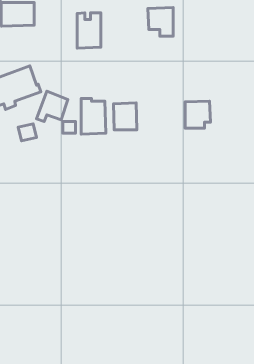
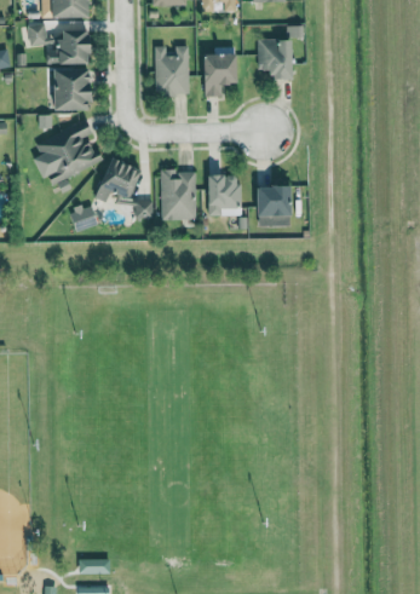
building: none -> [203,54,240,98]
building: none -> [56,69,93,111]
building: [185,101,210,128] -> [258,188,294,226]

